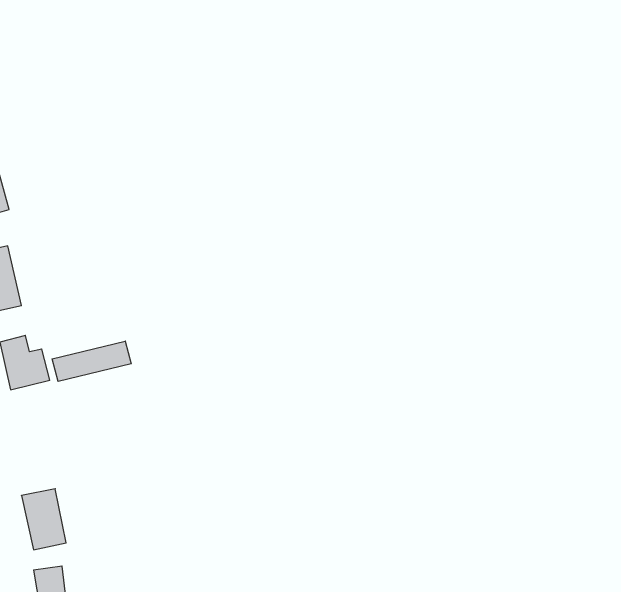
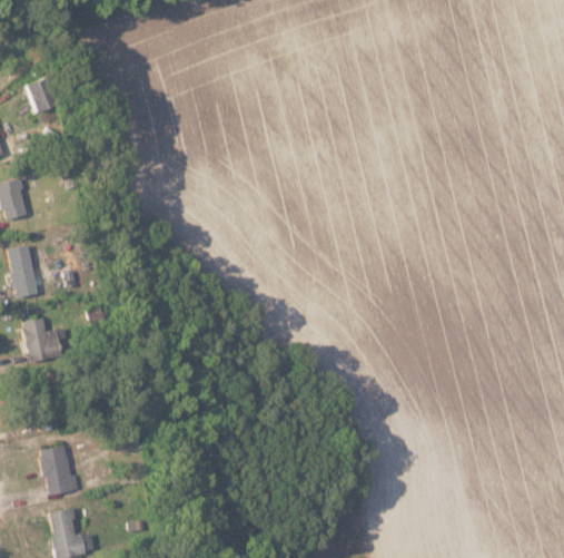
building: none -> [28,80,52,112]
building: [52,341,131,381] -> none

